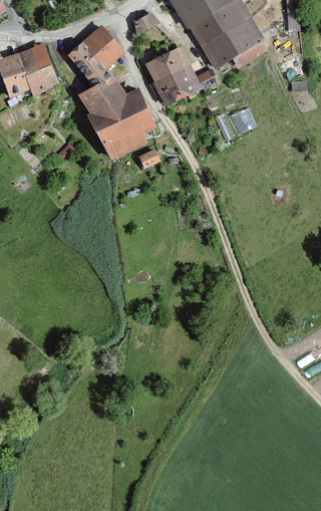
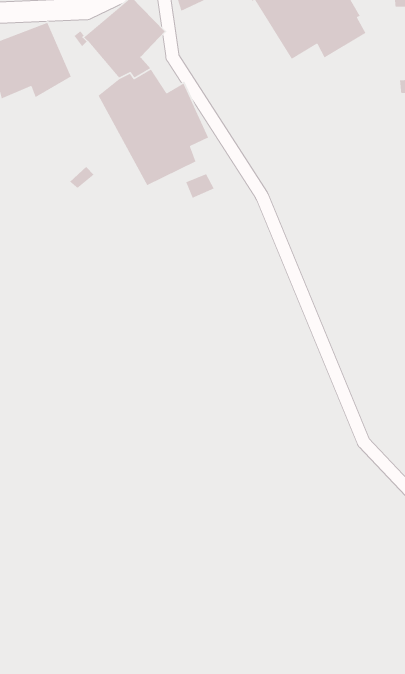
building: [143,45,217,104] -> none

